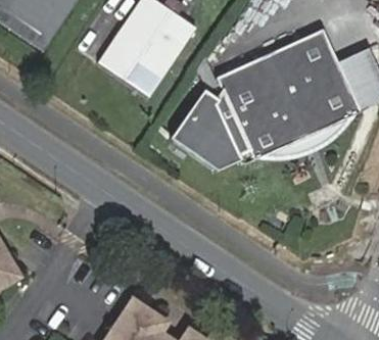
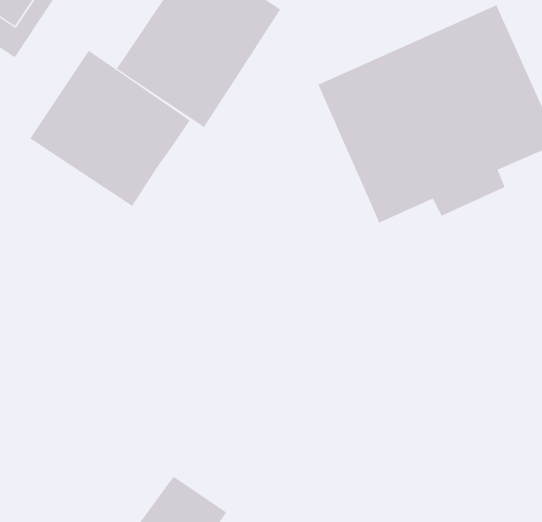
building: none -> [29,50,190,207]
building: [178,71,251,162] -> none

